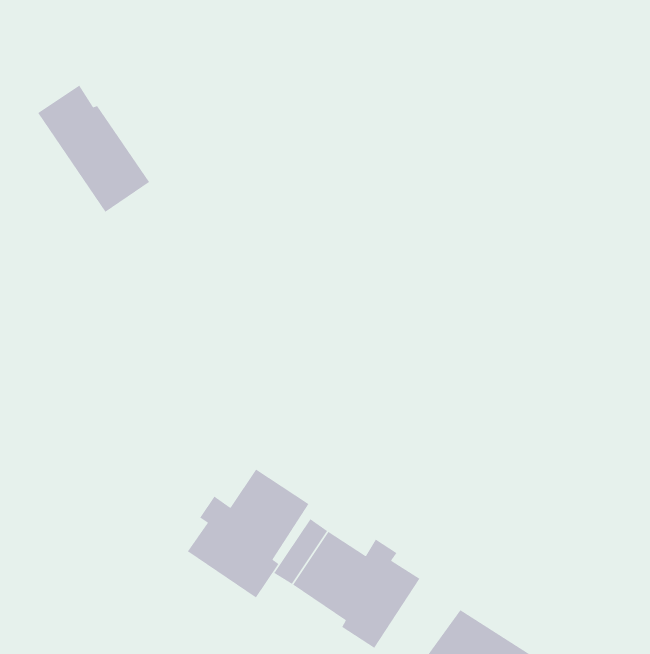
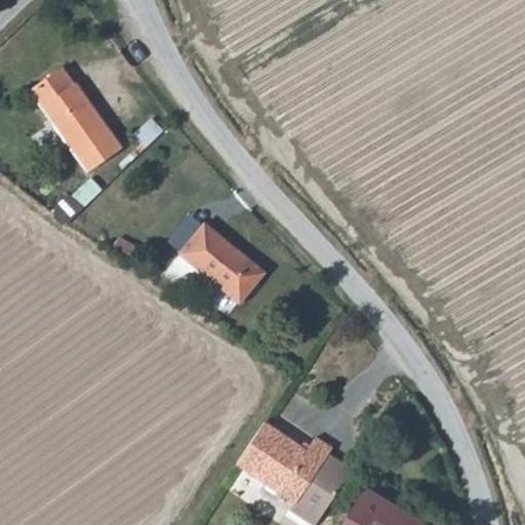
building: none -> [178,225,268,307]
building: [187,468,309,598] -> none

